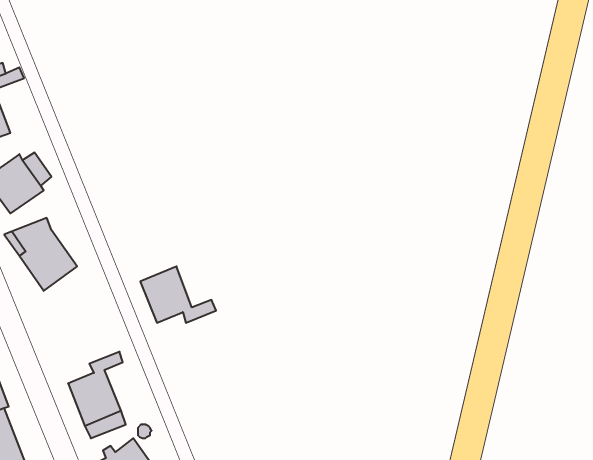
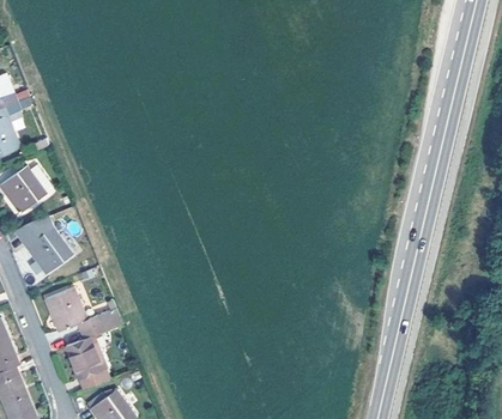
building: [140,266,216,323] -> [46,286,105,330]

